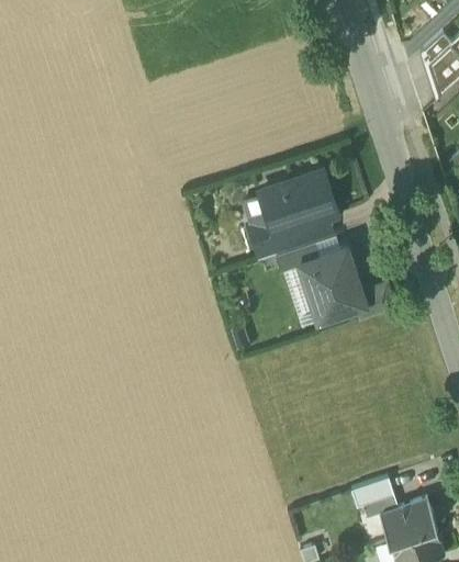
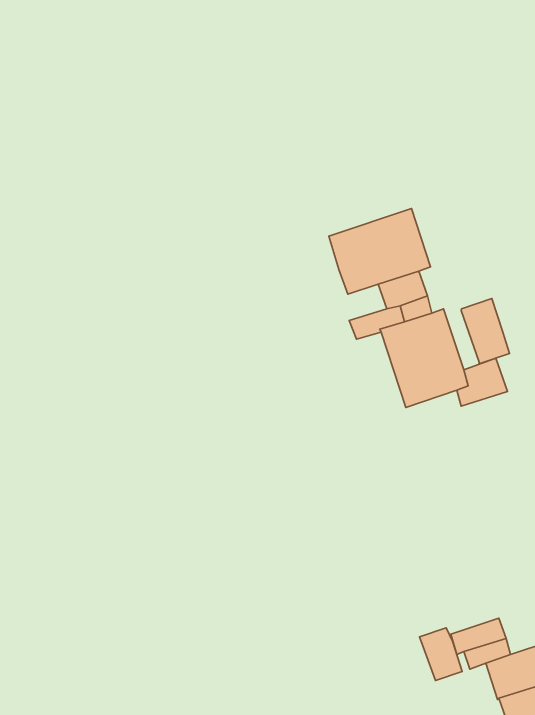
building: [248,215,303,259] -> none
building: none -> [461,299,509,364]
building: none -> [420,628,462,681]

